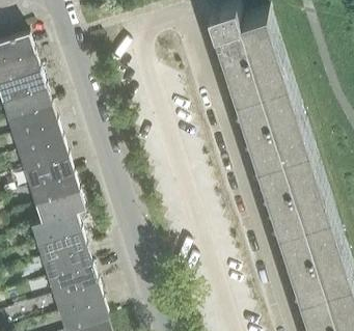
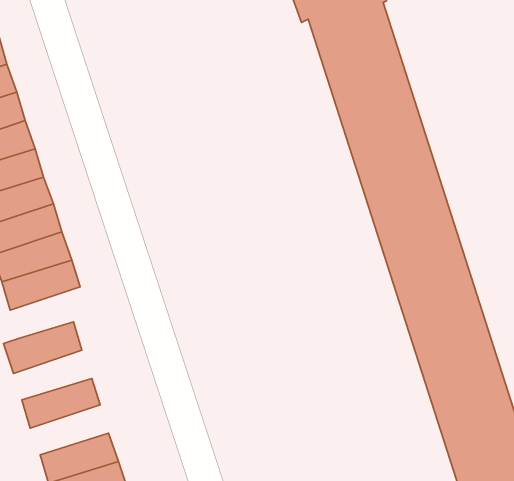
building: [34,188,84,220] -> none
building: [36,227,85,258] -> none
building: [47,261,96,293] -> none

